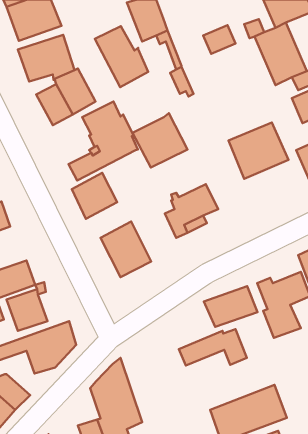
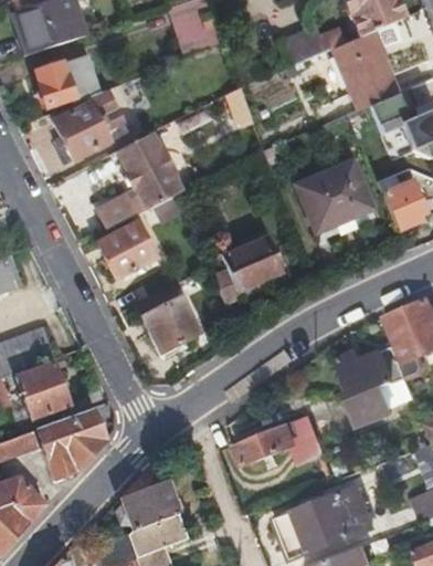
building: [95,26,148,87] -> none
building: [132,113,188,168] -> none
building: [204,286,257,327] -> none

